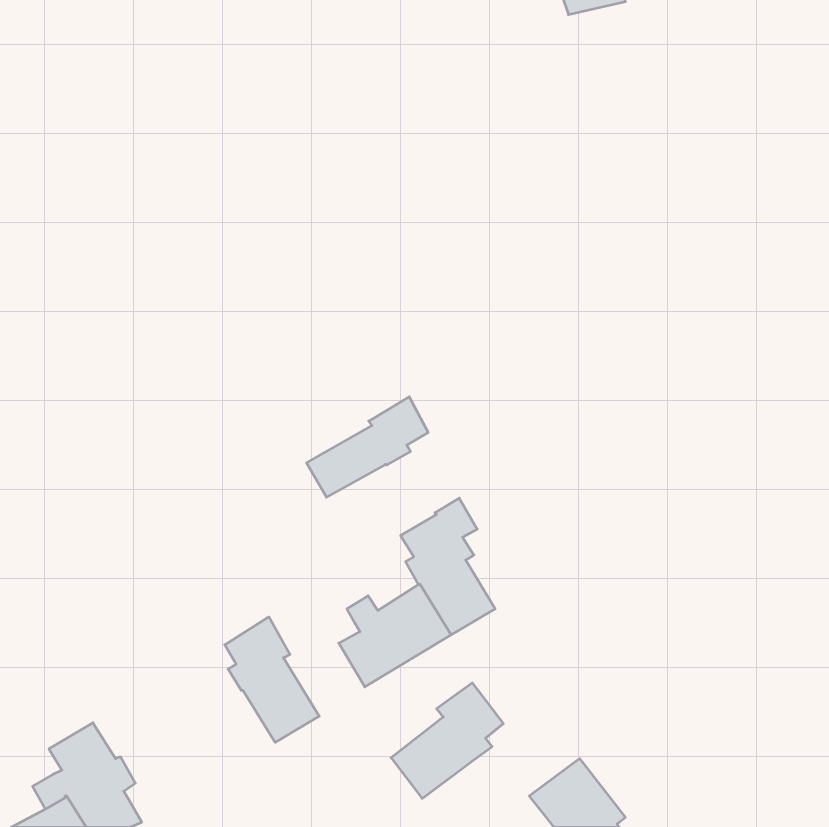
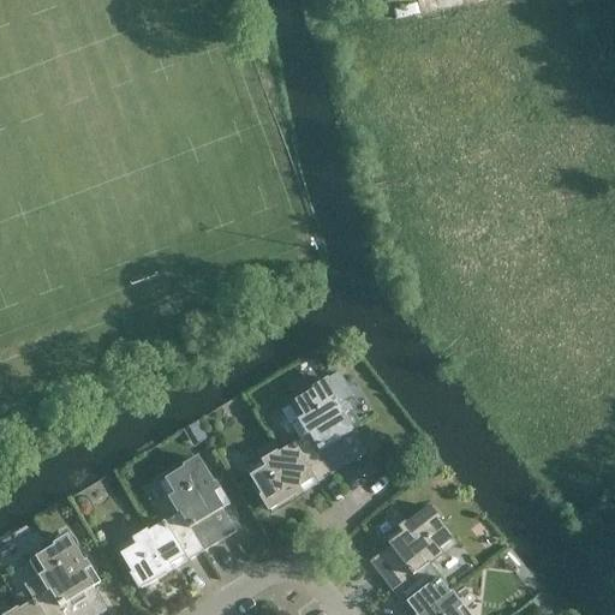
building: [307,397,428,497] -> none
building: [391,683,503,798] -> [368,502,450,587]
building: none -> [120,509,203,586]

